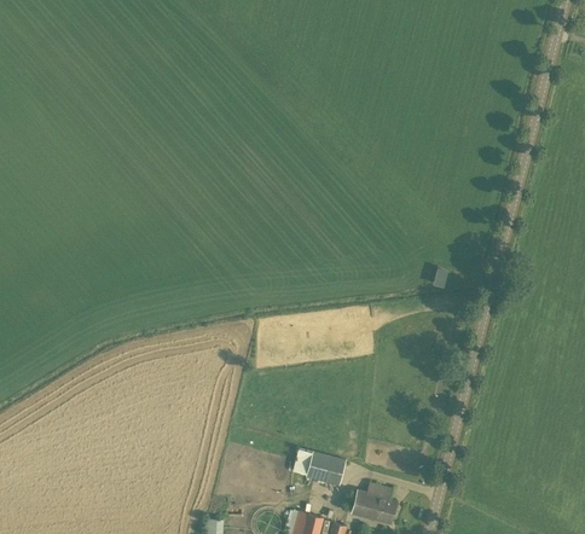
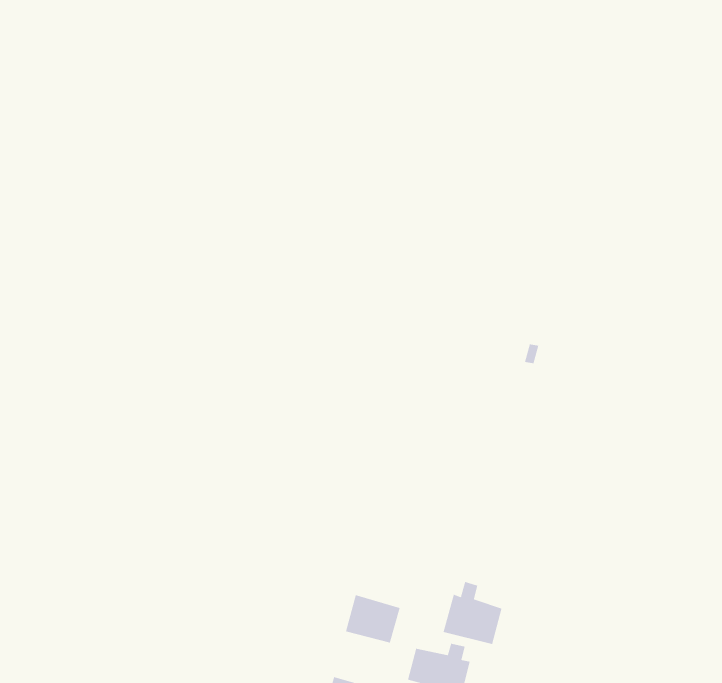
building: none -> [443,581,502,645]

